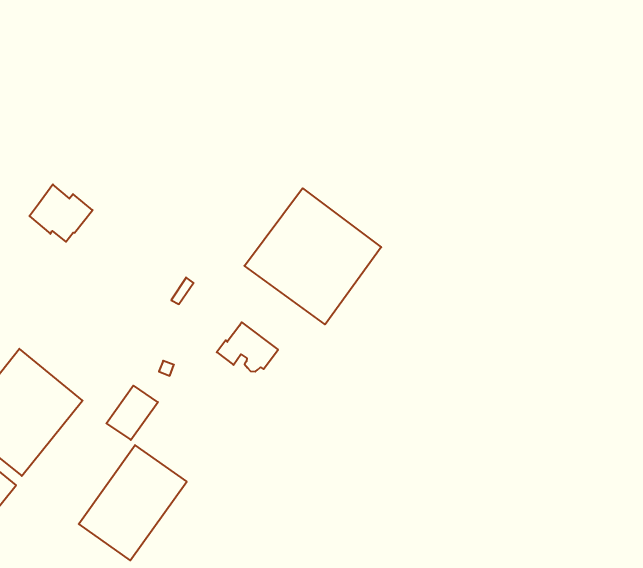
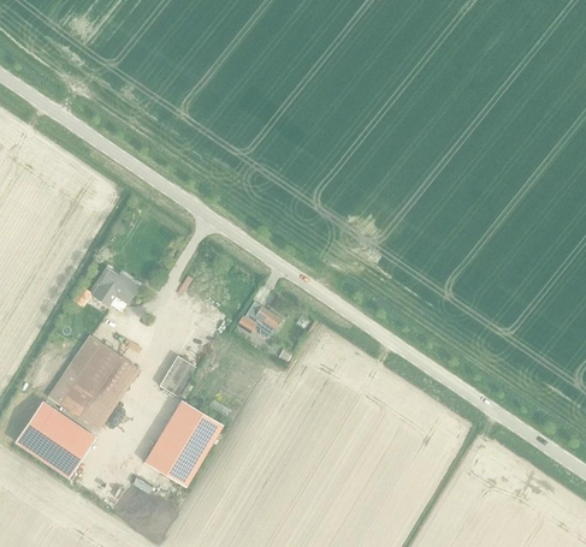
building: [29,184,93,242] -> [91,267,138,309]
building: [244,188,381,324] -> none

